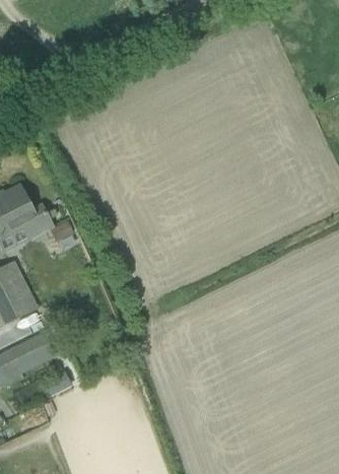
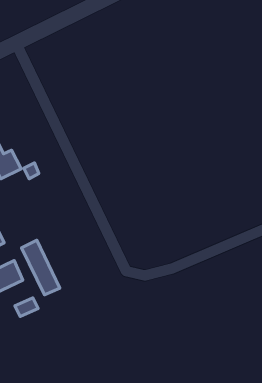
building: none -> [22,240,60,295]

